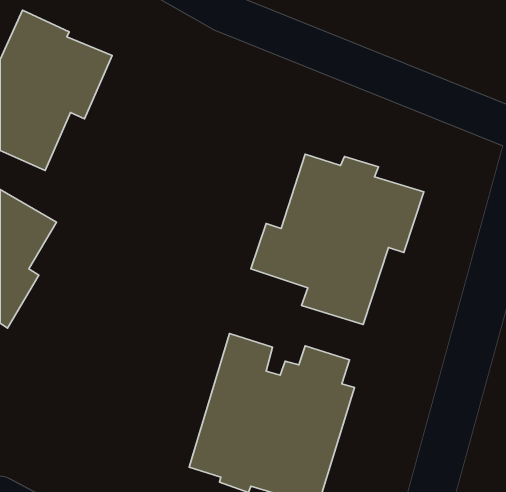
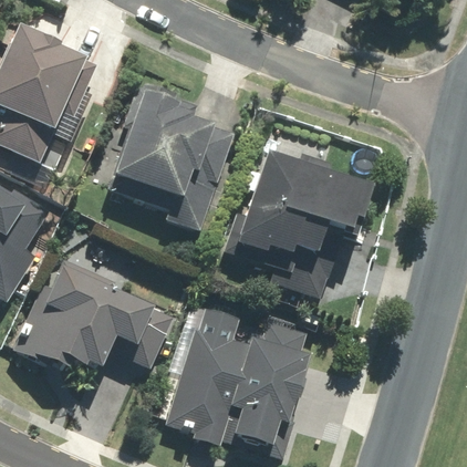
building: none -> [104,81,232,229]
building: none -> [13,258,174,380]

